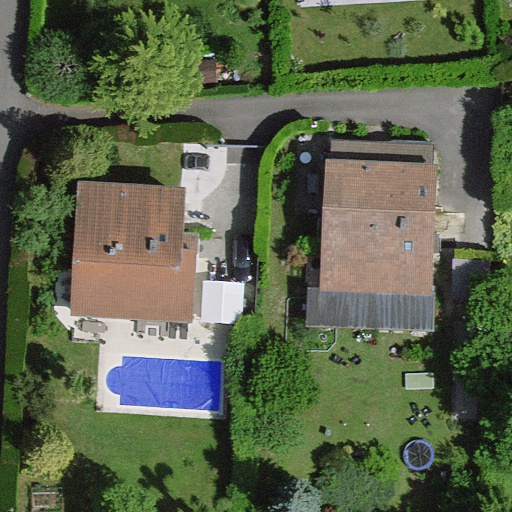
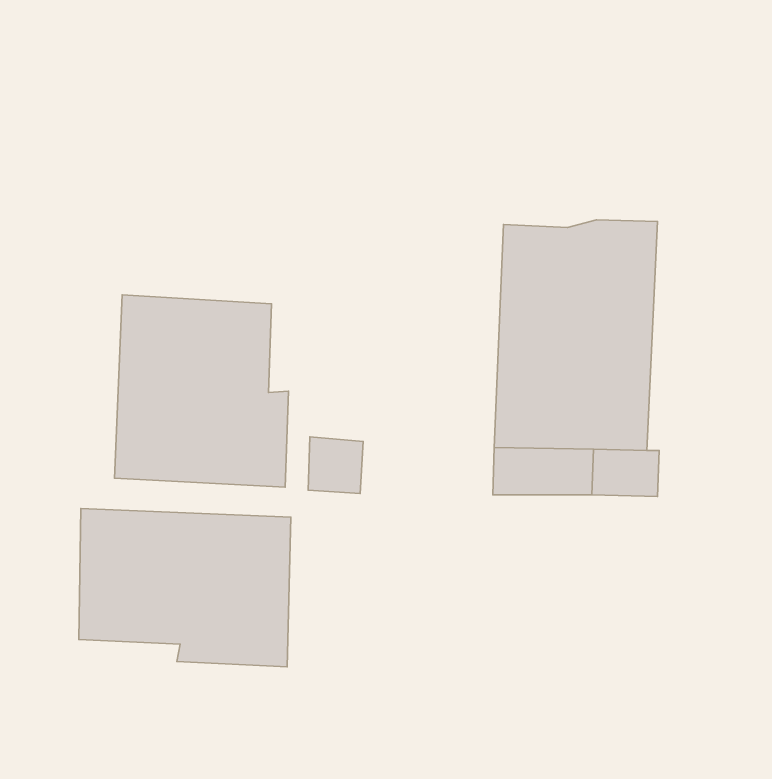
building: none -> [79,508,291,667]

